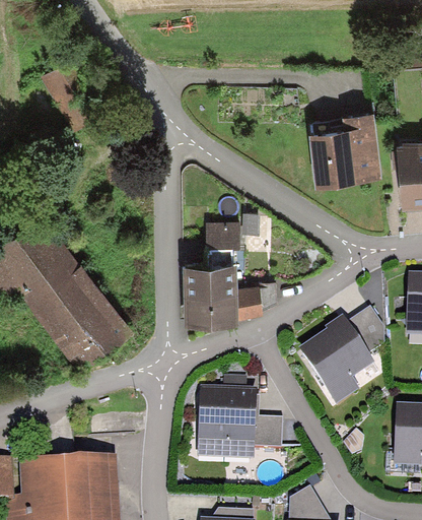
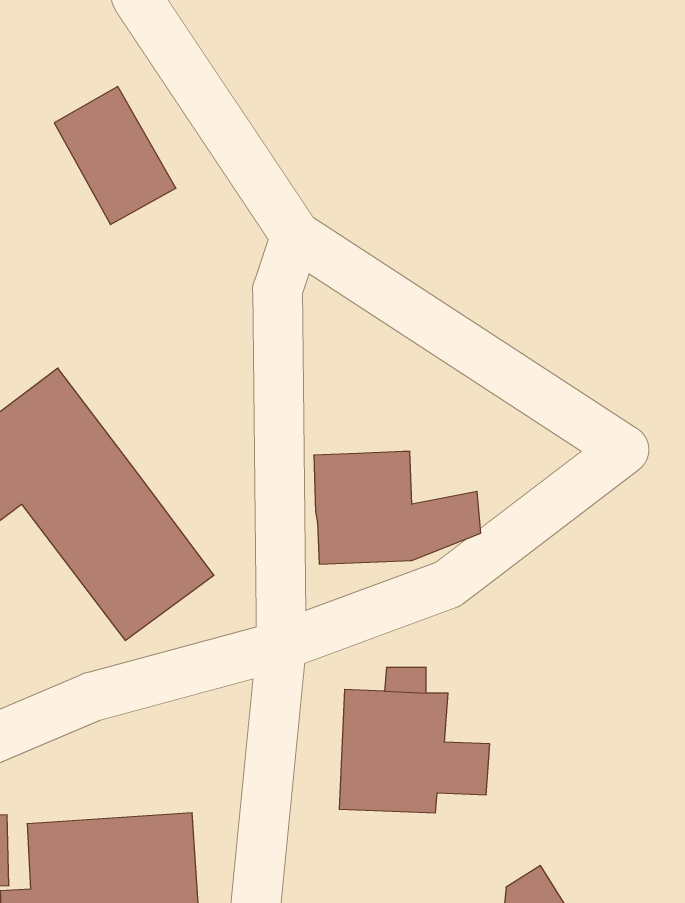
building: [307,104,380,181] -> none
building: [206,210,258,257] -> none
building: [297,308,384,406] -> none

